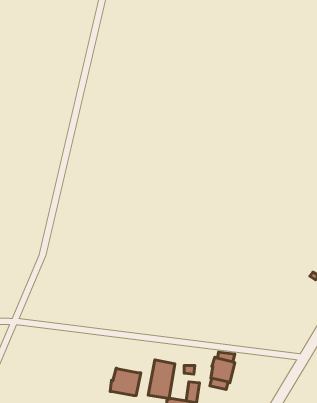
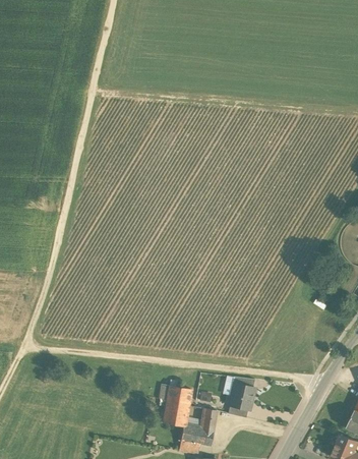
building: [110,368,141,396] -> none

